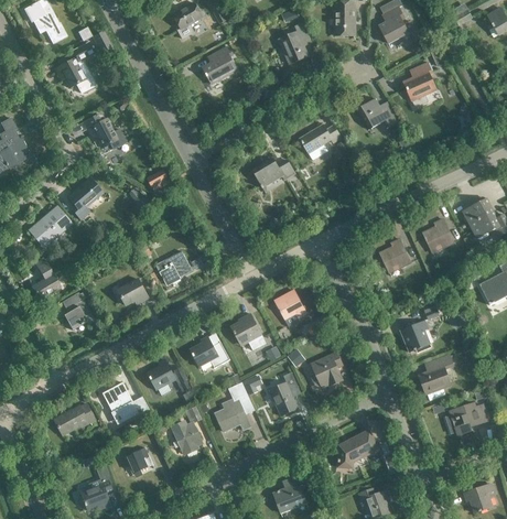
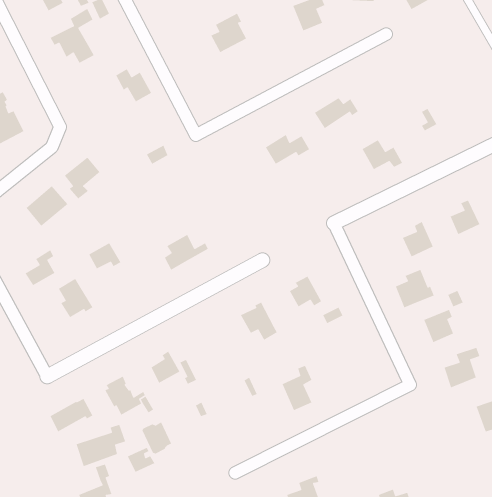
building: [404,63,436,100] -> none
building: [359,100,398,129] -> [362,139,403,170]
building: [83,117,117,149] -> [115,68,152,103]
building: [118,280,149,305] -> [88,242,121,269]
building: none -> [395,269,435,309]
building: [190,337,229,368] -> none
building: [311,353,342,388] -> none
building: [215,398,249,431] -> none
building: [173,422,202,453] -> [141,421,172,454]
building: none -> [75,424,126,467]
building: [337,431,378,468] -> none

